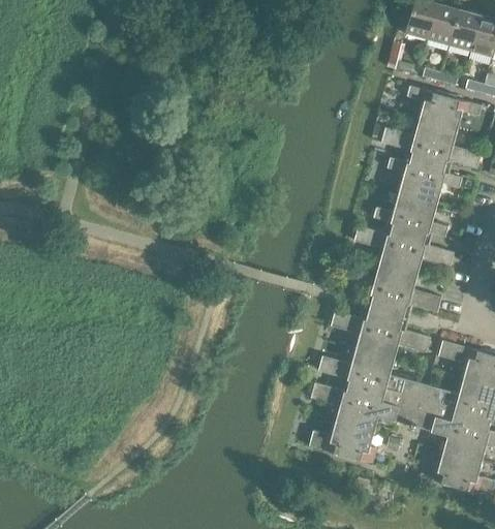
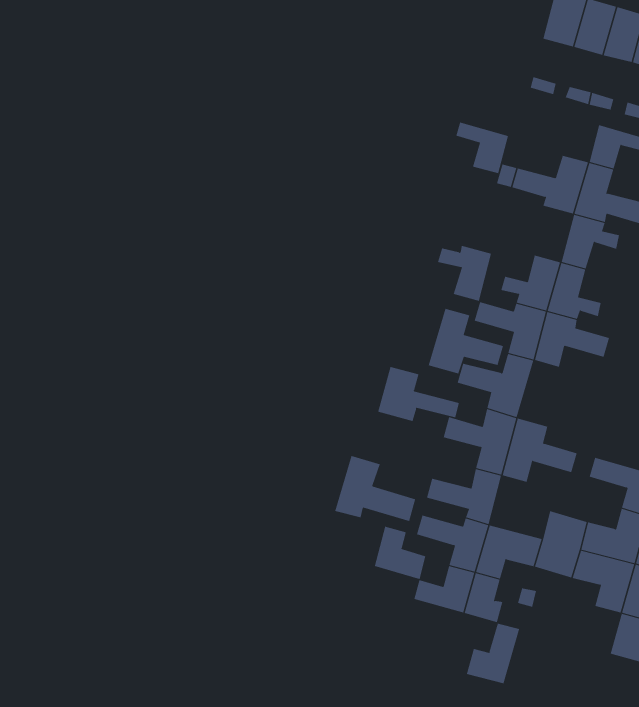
building: [406,86,445,124] -> [455,122,509,174]
building: [386,156,427,197] -> [437,245,492,301]
building: [385,270,441,318] -> [428,308,504,374]
building: none -> [378,366,459,422]
building: none -> [334,455,416,522]
building: [365,354,409,401] -> none
building: none -> [374,526,426,580]
building: [428,450,462,486] -> none
building: none -> [466,623,520,684]

